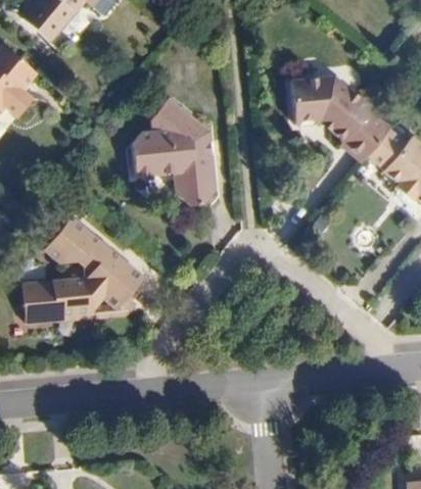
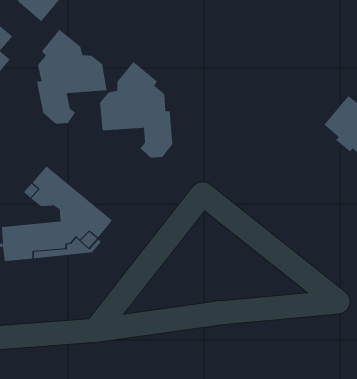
building: none -> [37,29,107,124]
building: [290,76,387,160] -> none

